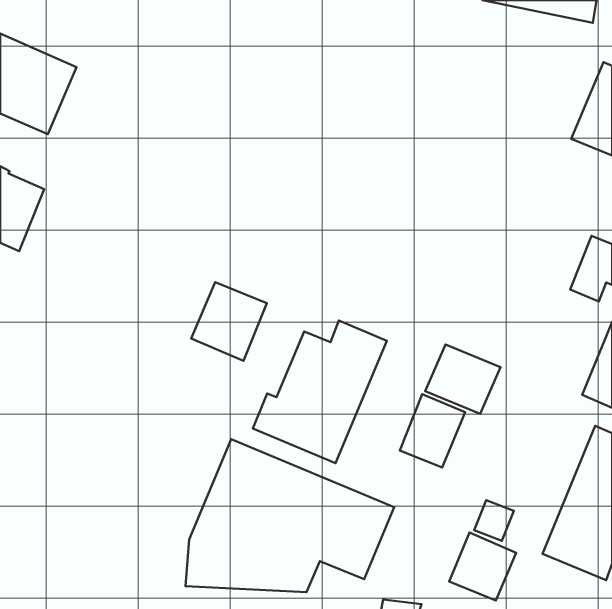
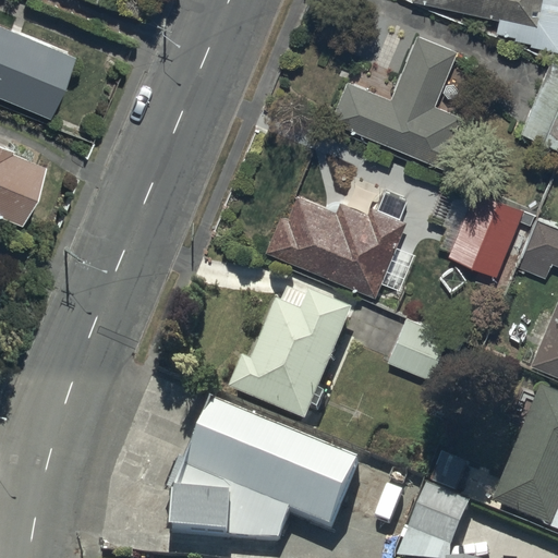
building: none -> [329,29,460,165]
building: none -> [448,189,522,271]
building: none -> [266,191,407,292]
building: [191,282,267,361] -> none
building: [400,394,465,467] -> none

